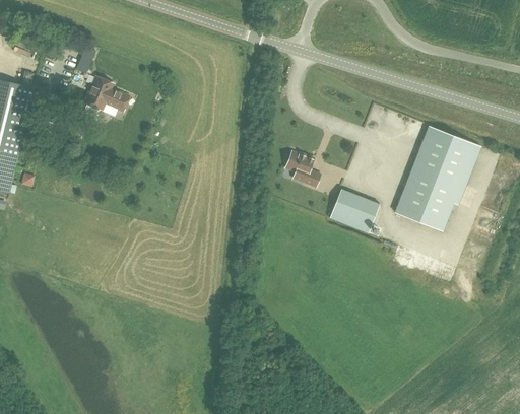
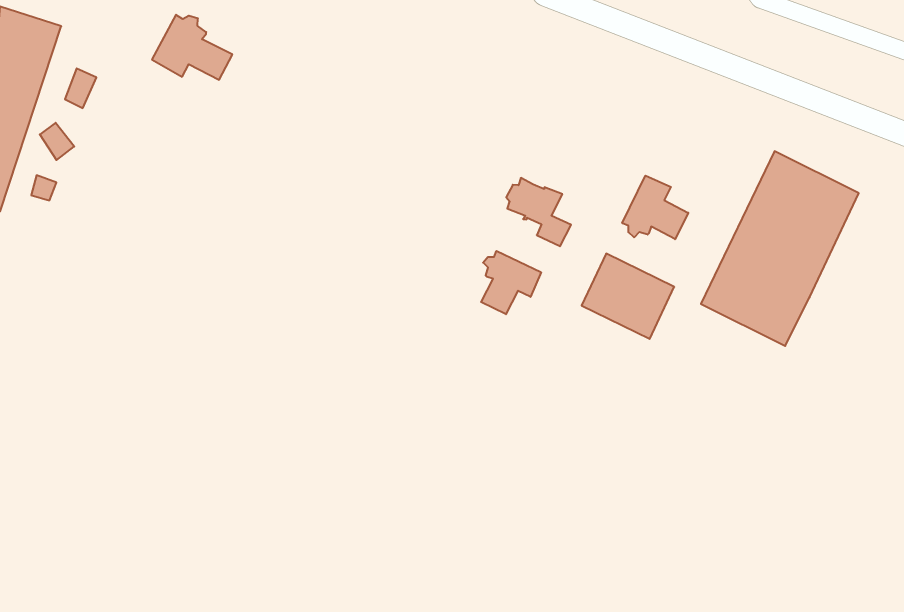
building: none -> [622,176,688,239]
building: none -> [481,251,541,314]

